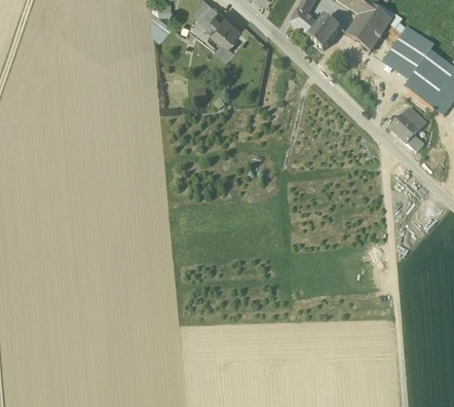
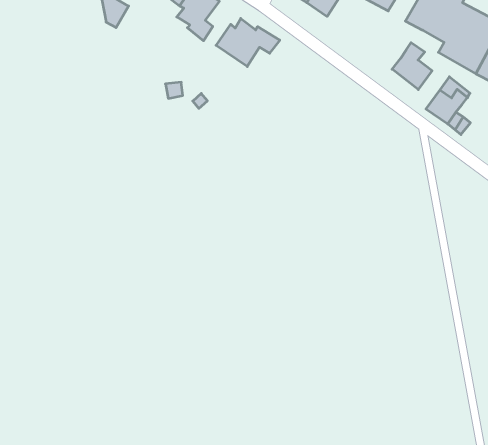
building: none -> [216,18,280,67]
building: none -> [392,43,432,90]

